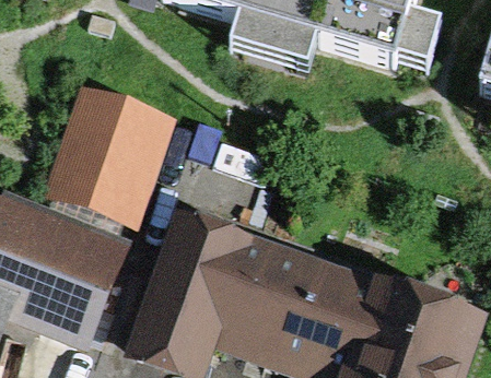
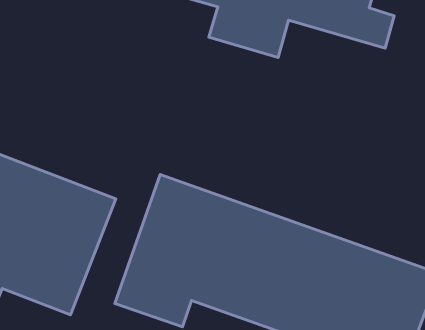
building: [45,80,176,222] -> none

